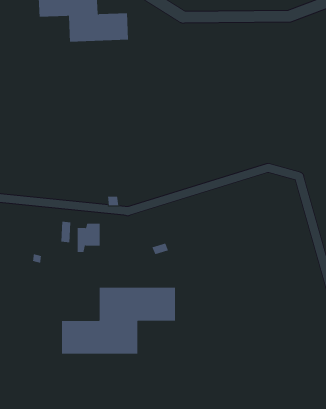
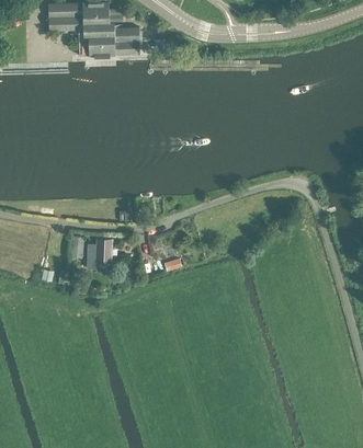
building: [61,287,176,355] -> none

